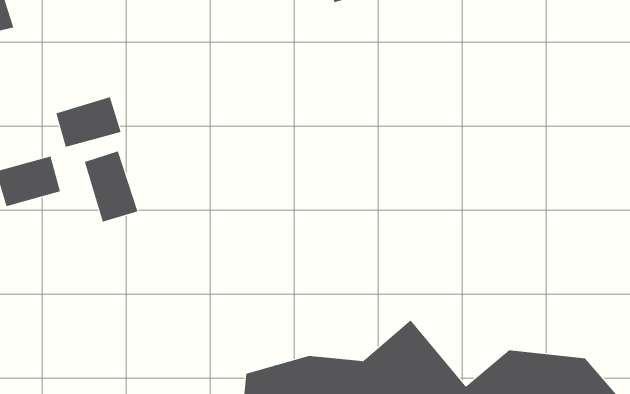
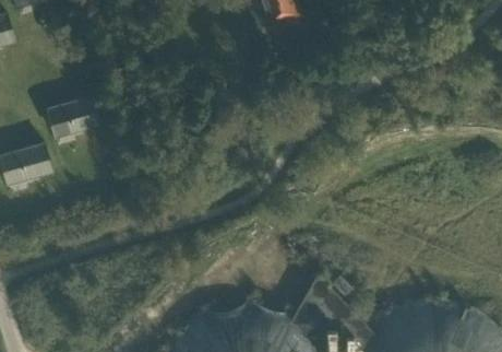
building: [84,151,138,222] -> none

